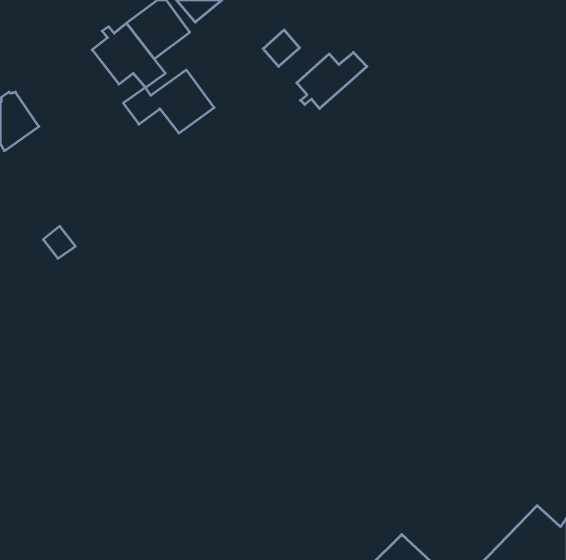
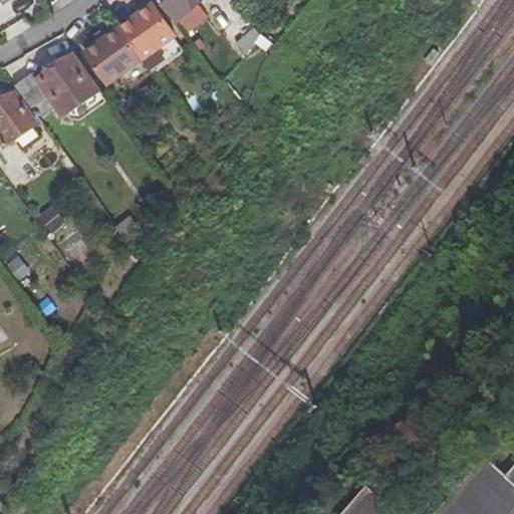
building: [297,52,367,109] -> none
building: [123,70,214,133] -> [15,53,97,110]

